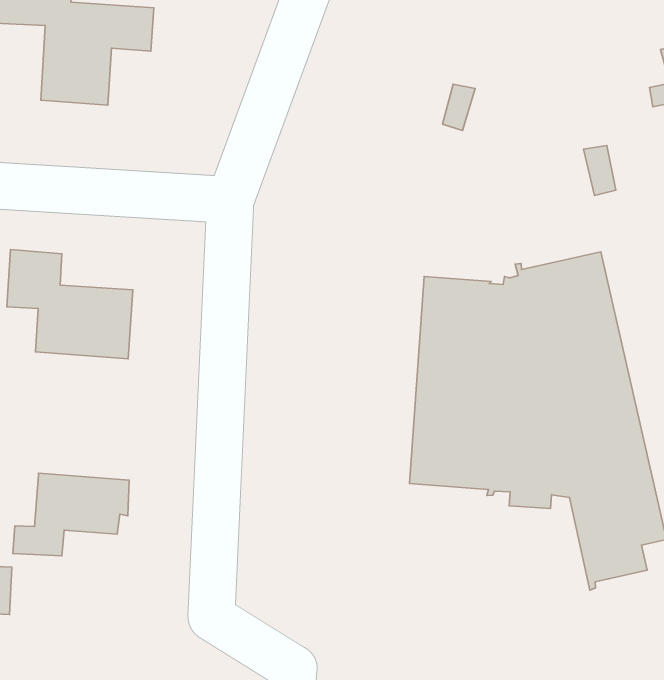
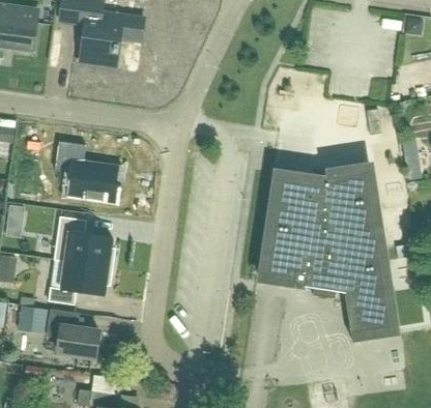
building: none -> [53,215,115,266]
building: none -> [47,308,98,356]

